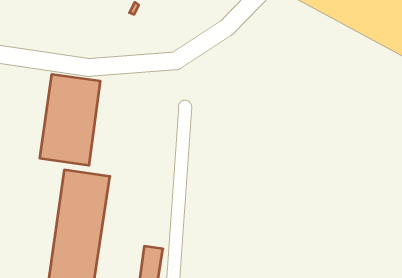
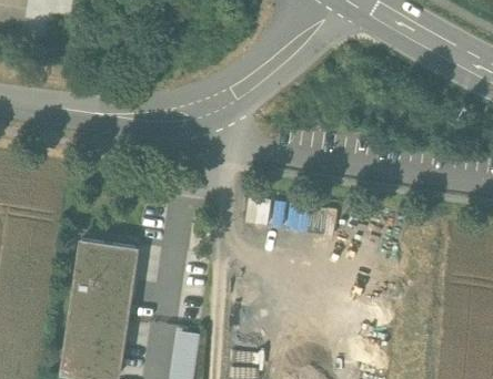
building: [40,74,100,165] -> none

